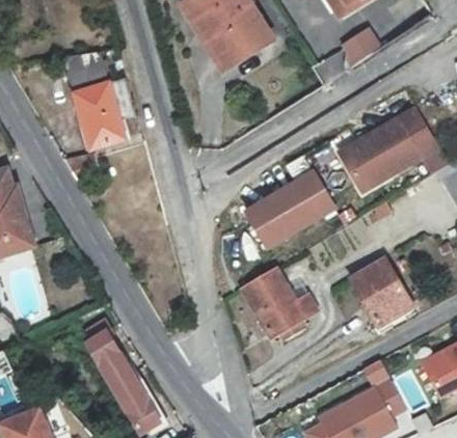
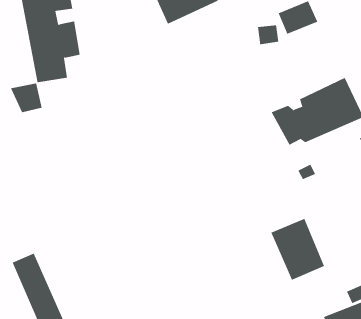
building: [239,171,335,250] -> none
building: [242,270,316,337] -> none

